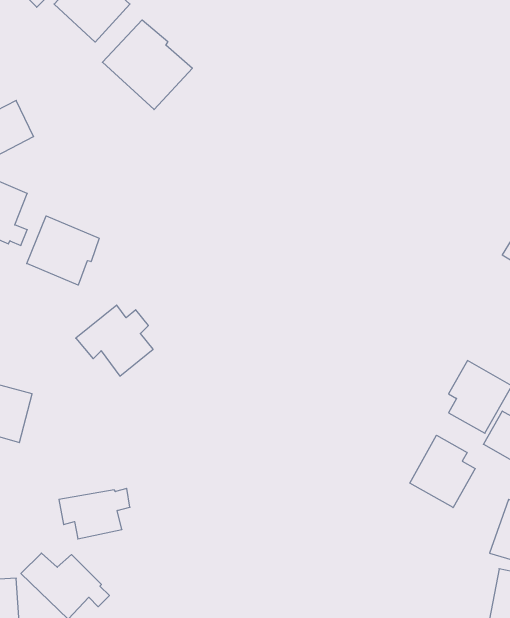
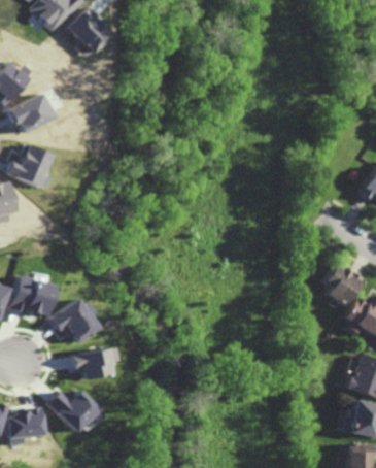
building: [102,20,192,110] -> none
building: [27,216,99,285] -> none
building: [76,305,153,376] -> [45,298,96,344]
building: [410,435,475,508] -> none

